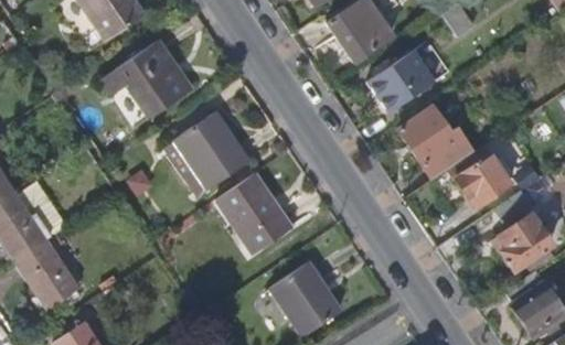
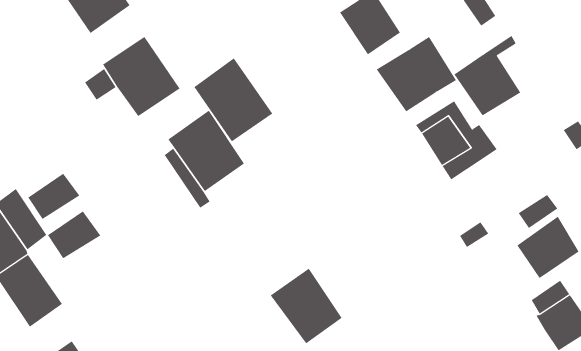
building: [452,130,515,205] -> [453,35,521,116]
building: none -> [28,173,80,220]
building: [216,173,290,251] -> [194,58,273,142]
building: none -> [47,211,101,259]

